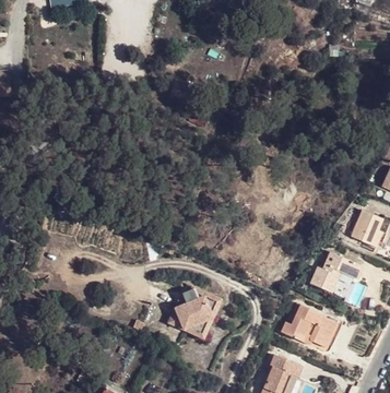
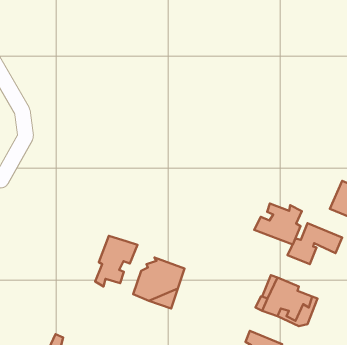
building: none -> [254,203,302,245]
building: none -> [95,236,138,286]

